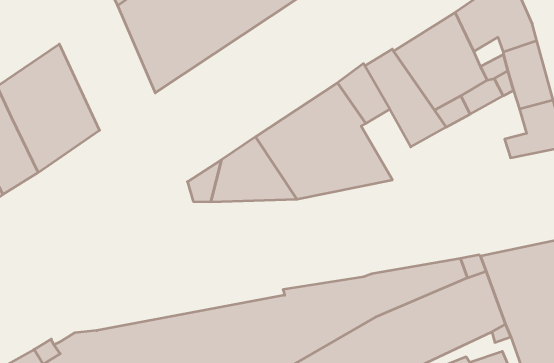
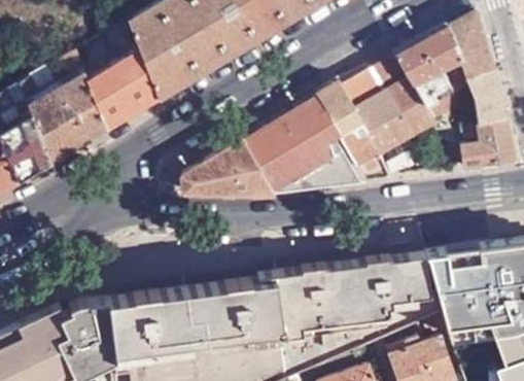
building: none -> [75,19,156,127]
building: none -> [335,123,389,184]

